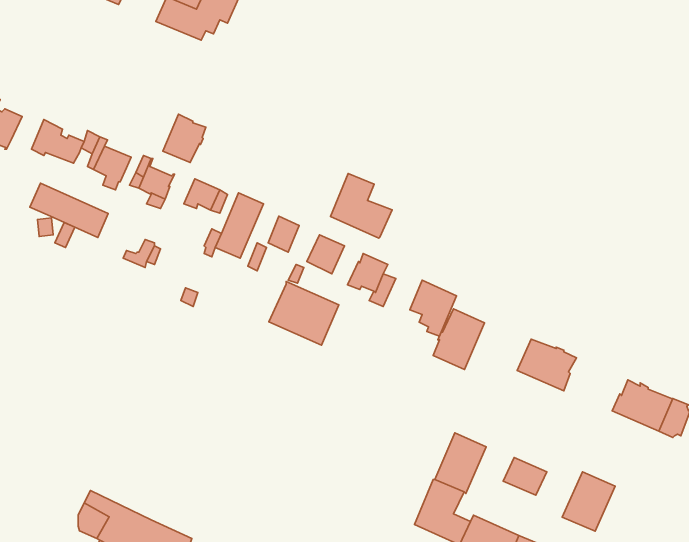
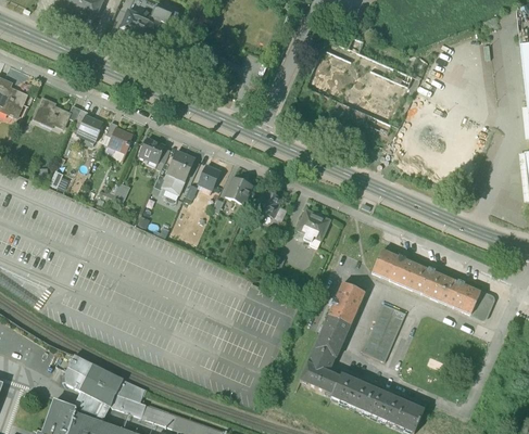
building: [163,114,206,162] -> none
building: [331,174,392,238] -> none
building: [30,183,108,237] -> none
building: [269,281,339,345] -> none
building: [433,309,485,370] -> [329,283,365,326]
building: none -> [405,264,450,301]
building: [562,472,615,531] -> [370,302,407,343]

